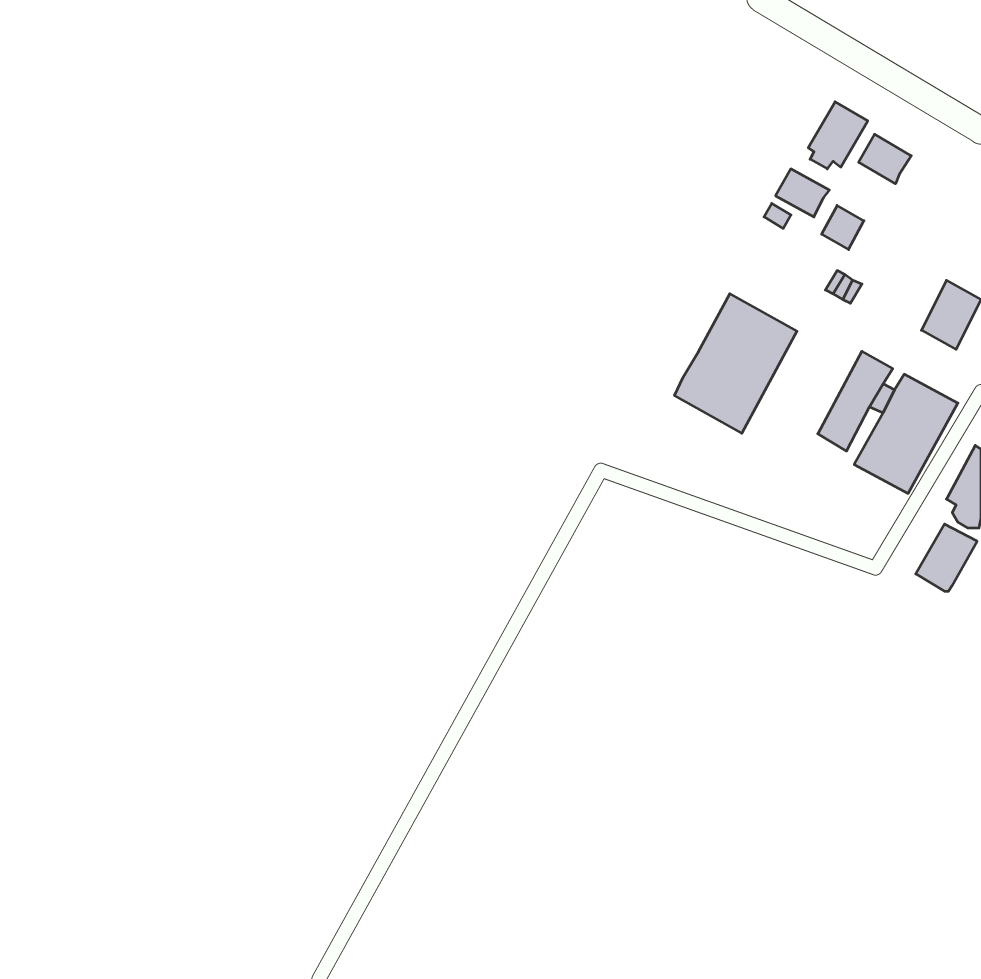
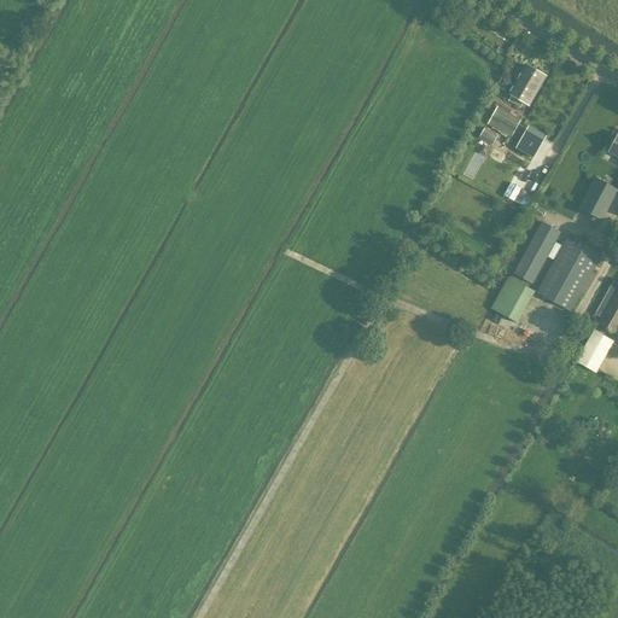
building: [859,134,911,184] -> none
building: [675,294,797,433] -> none
building: none -> [490,276,532,322]

